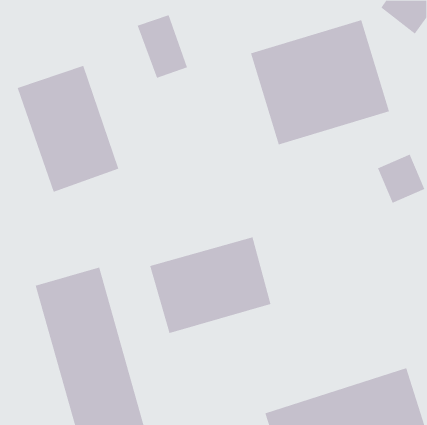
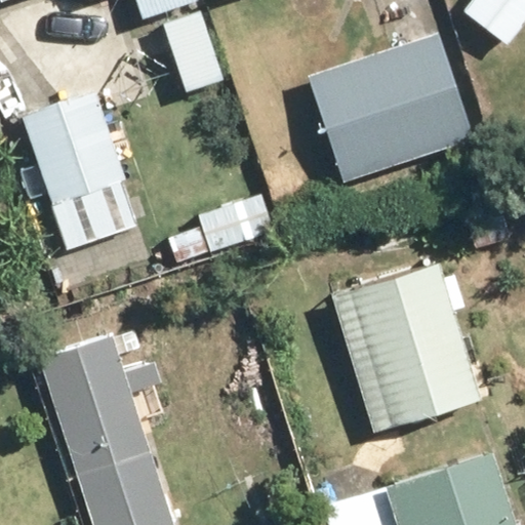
building: none -> [327,261,482,435]
building: [149,236,271,334] -> none

